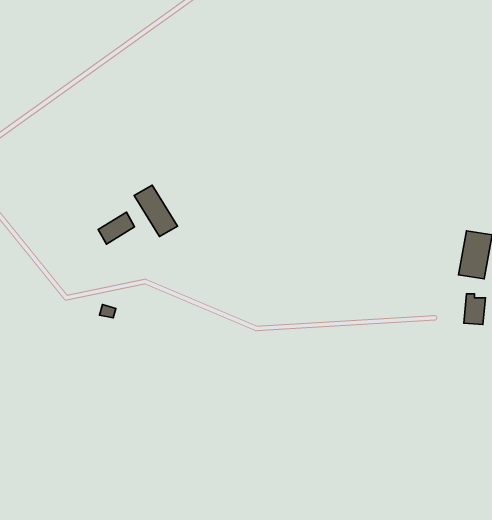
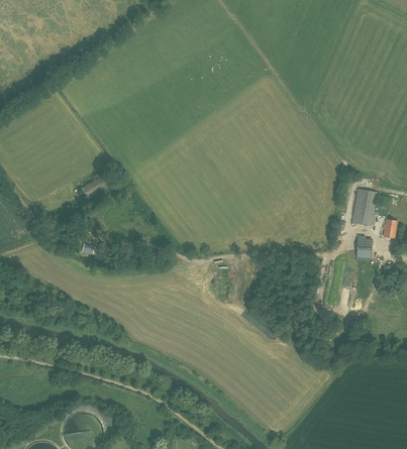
building: [134,185,177,236] -> none

